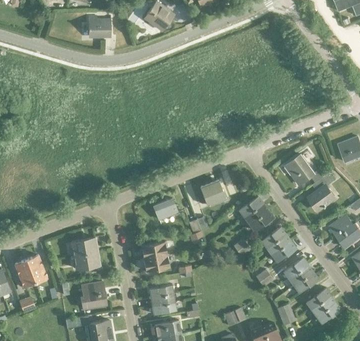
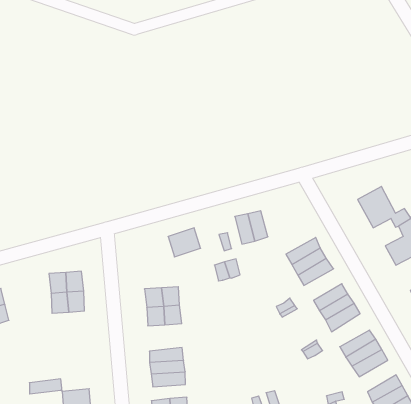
building: [80,281,105,308] -> none

